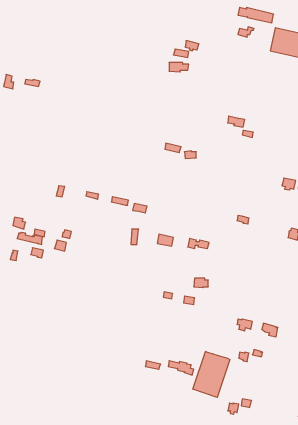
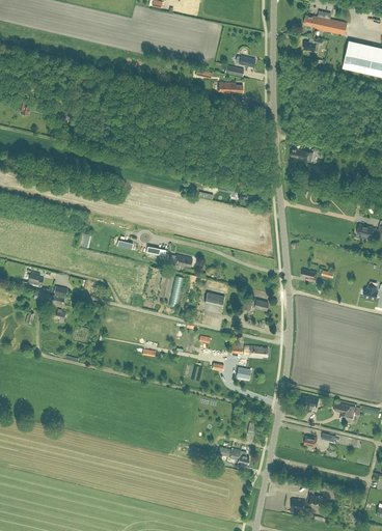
building: [193,351,230,397] -> none

